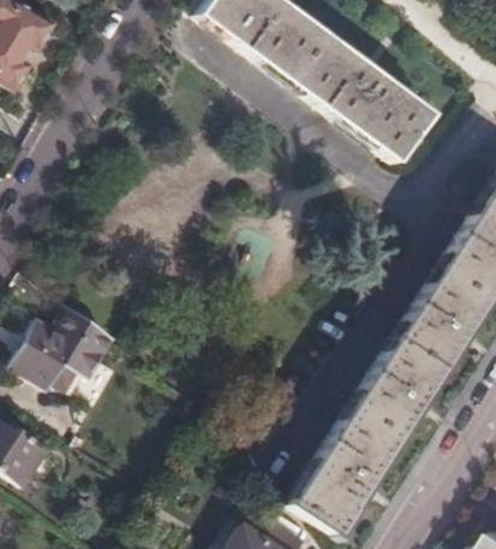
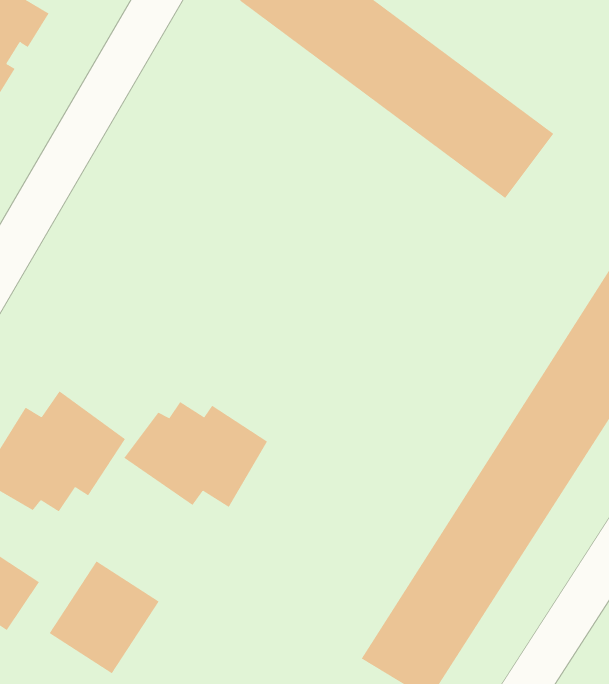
building: none -> [123,401,268,508]
building: none -> [49,560,160,674]

